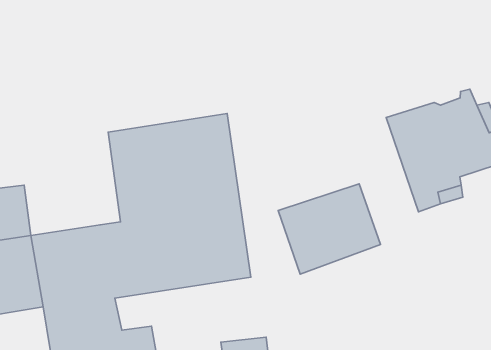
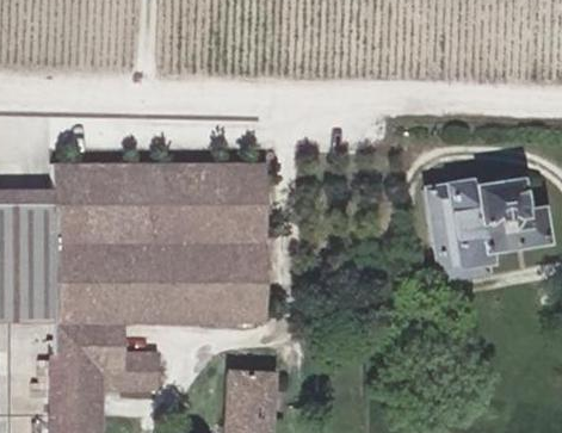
building: none -> [55,160,144,250]
building: [278,184,380,274] -> none

